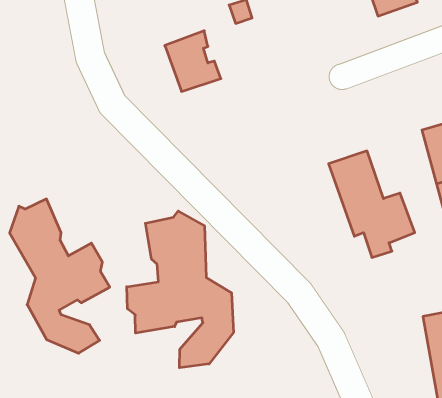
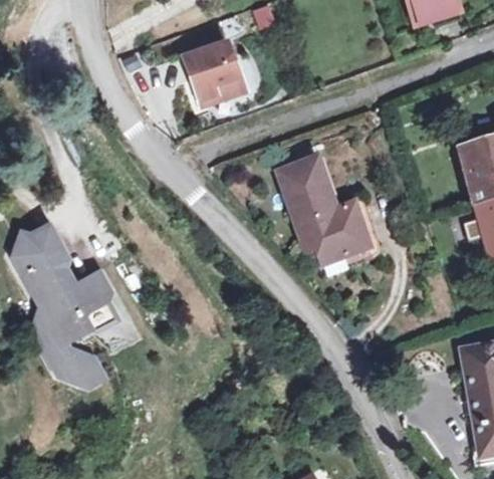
building: [329,151,415,257] -> [278,157,373,273]
building: [127,211,234,368] -> none

